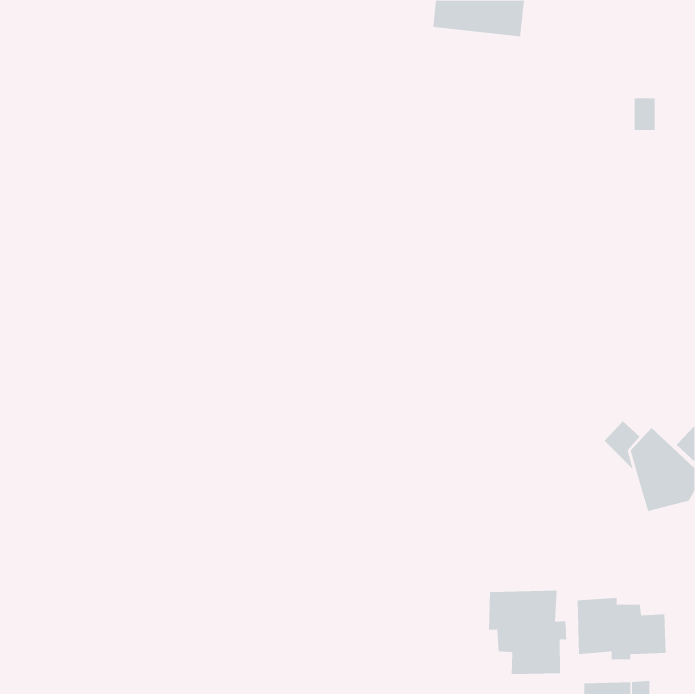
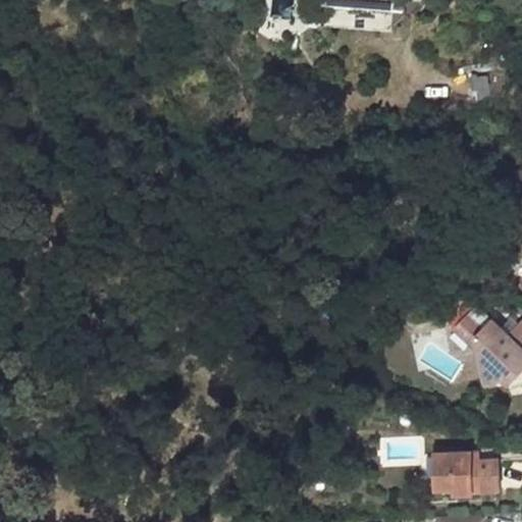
building: [488,590,567,675] -> none

